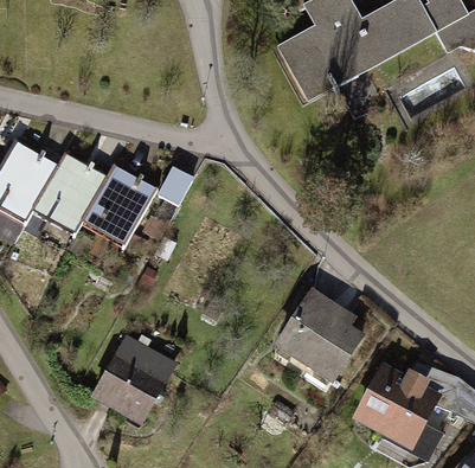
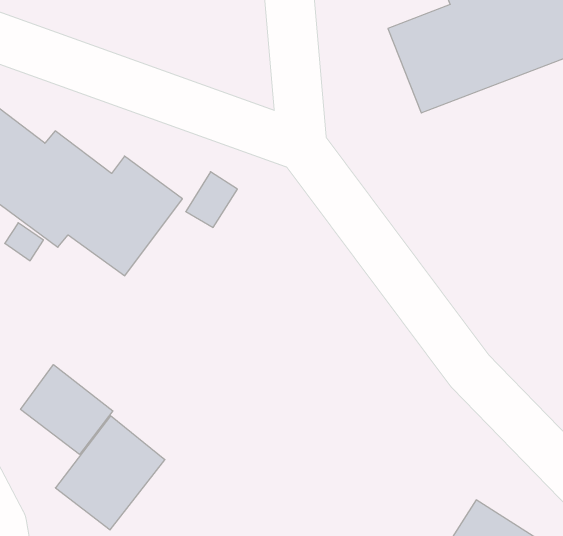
building: [280,287,374,380] -> none
building: none -> [21,365,113,454]

